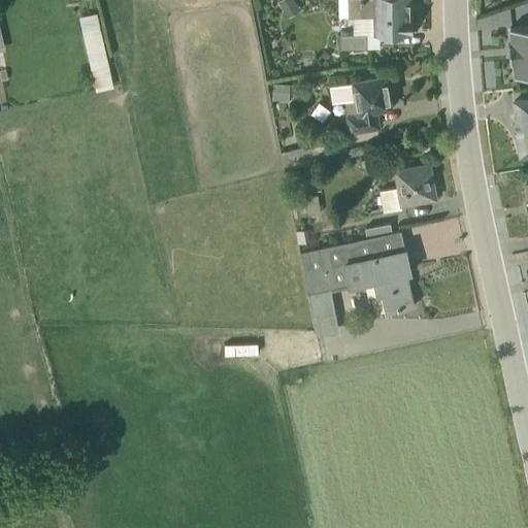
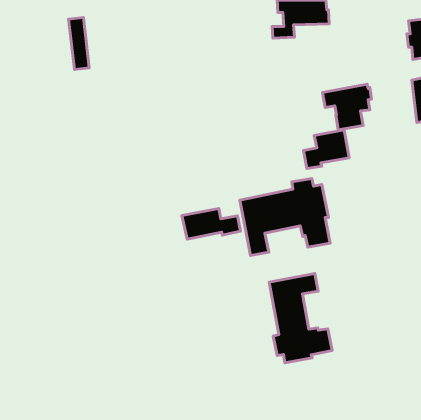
building: [331,78,392,135] -> [323,84,371,130]
building: none -> [182,208,241,239]
building: none -> [269,273,332,363]

